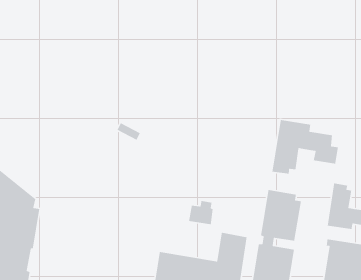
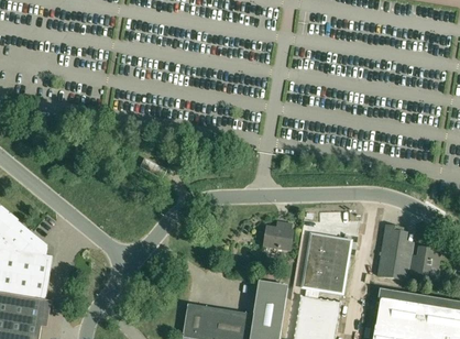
building: [271,119,339,174] -> none
building: [188,200,213,225] -> [263,221,292,250]

